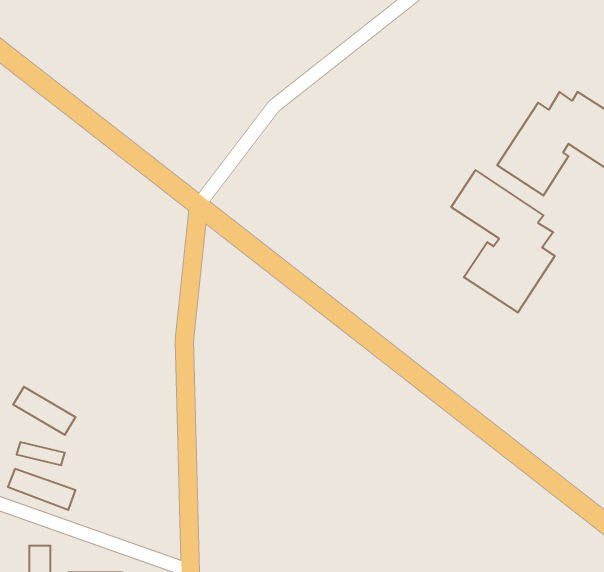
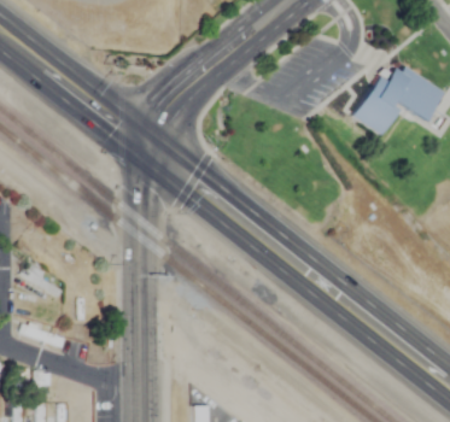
building: [451,170,555,313] -> none

